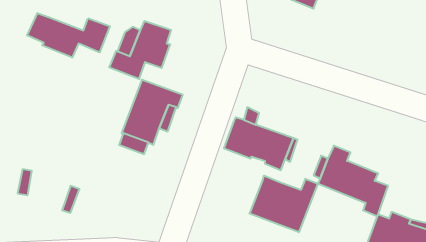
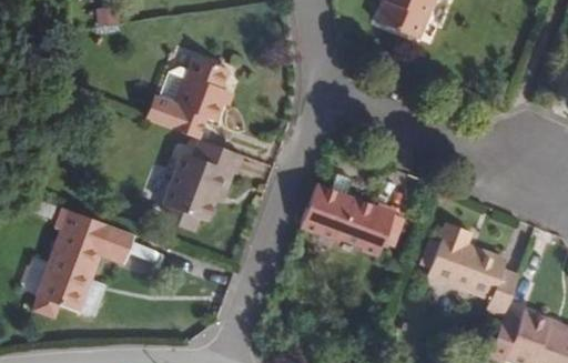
building: [27,13,110,58] -> none
building: none -> [33,209,134,317]
building: [249,176,318,232] -> none

